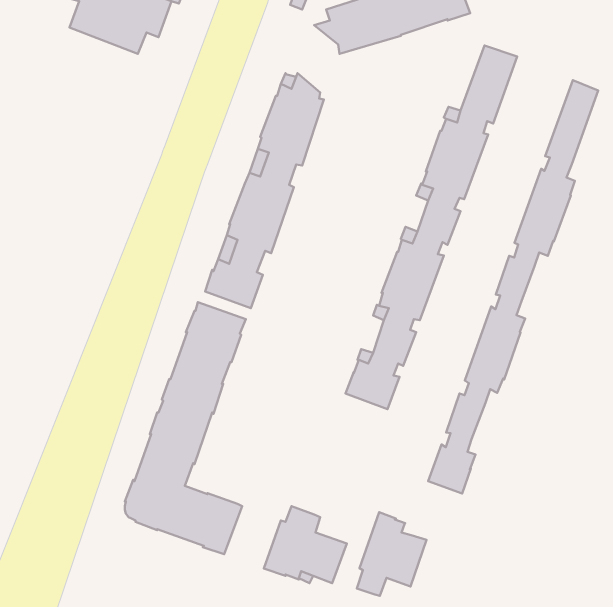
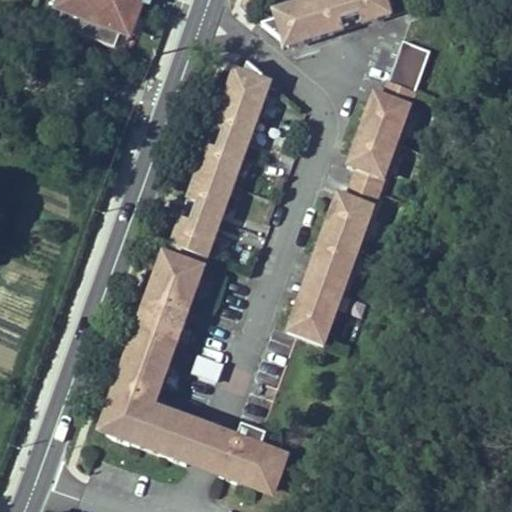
building: [428,80,598,493] -> none
building: none -> [187,422,234,474]
building: [357,512,427,596] -> none

